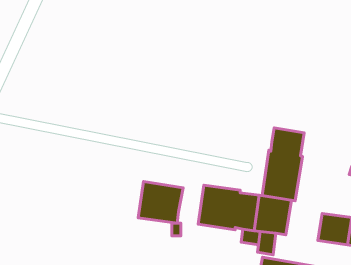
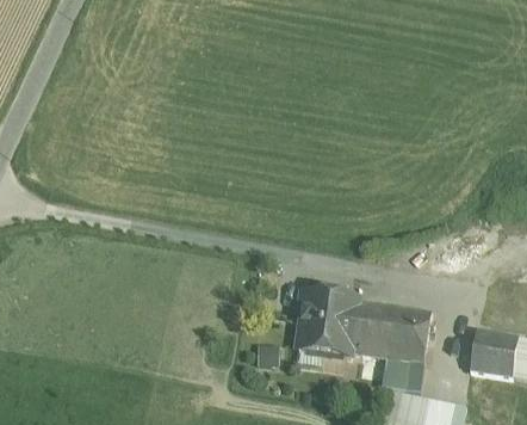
building: [262,128,304,201] -> none
building: [138,181,183,223] -> none

